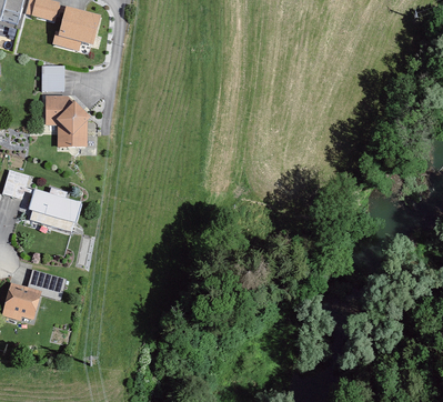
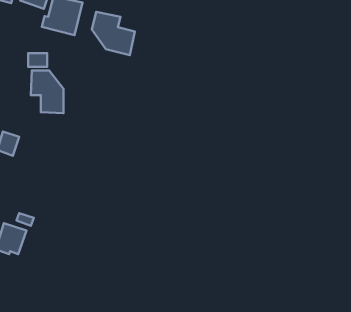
building: none -> [92,12,135,55]
building: [29,189,80,233] -> none

